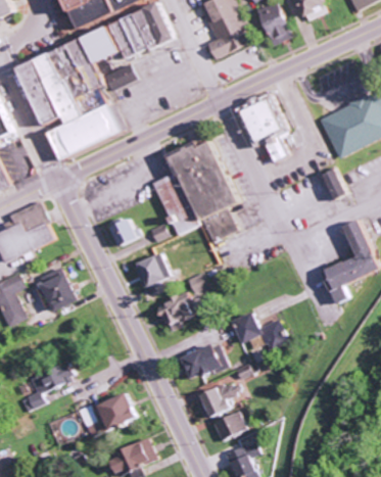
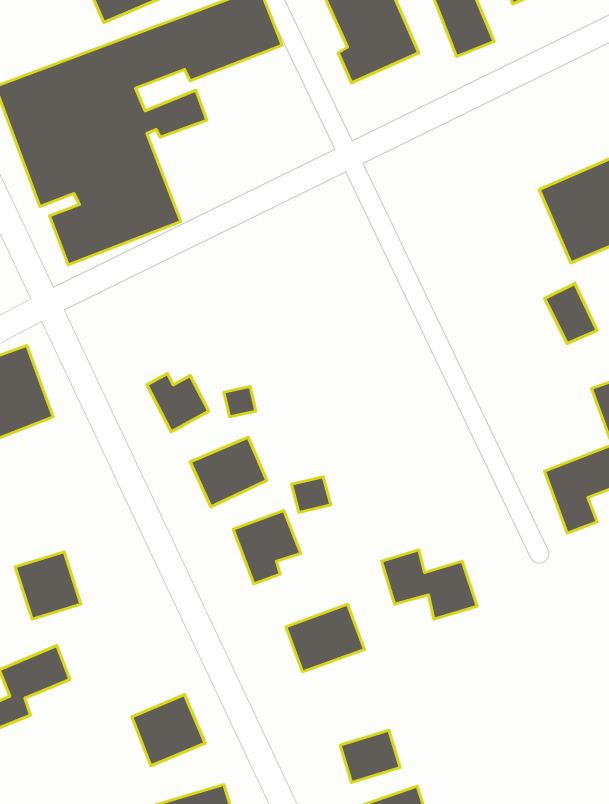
building: [245,99,288,161] -> none
building: [152,141,239,242] -> none
building: [40,274,76,311] -> [15,552,81,619]
building: [198,380,239,418] -> none

